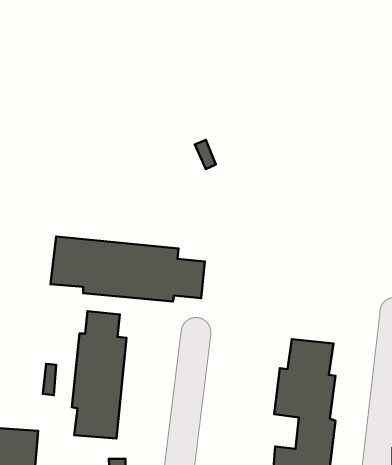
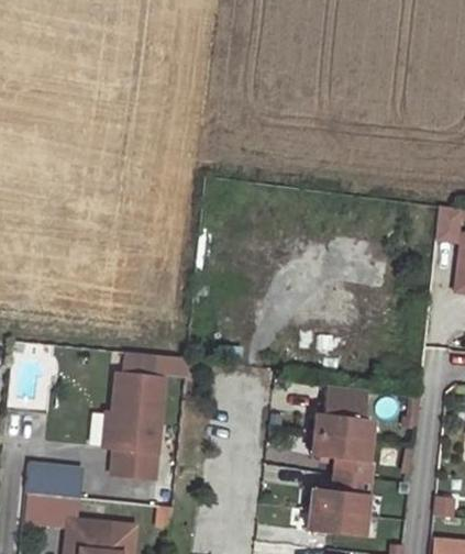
building: [50,236,205,302] -> none

